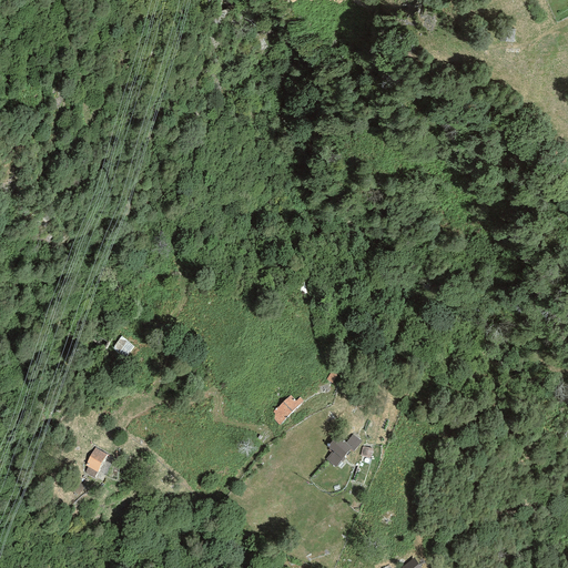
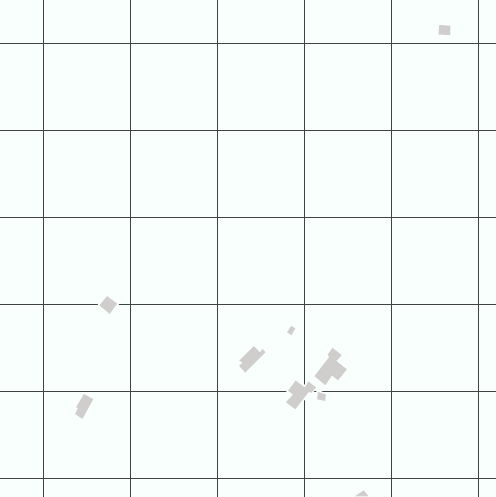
building: none -> [313,347,348,386]

